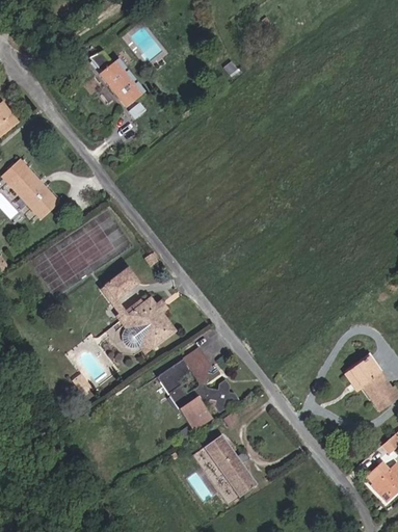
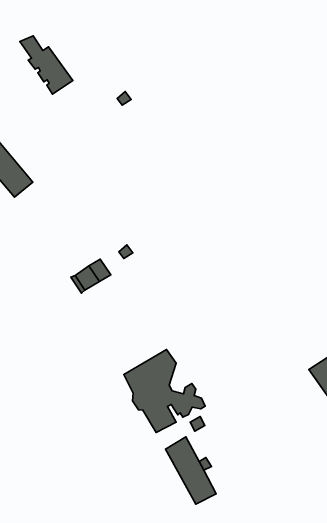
building: [89,50,143,105] -> [20,36,73,94]
building: [120,296,175,353] -> none

